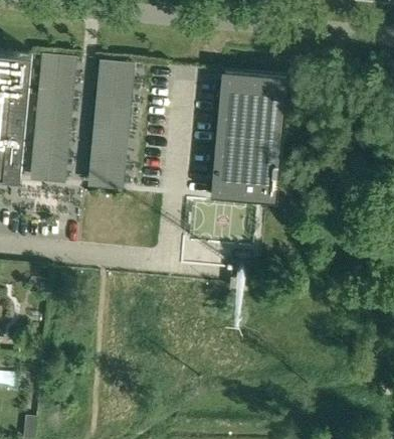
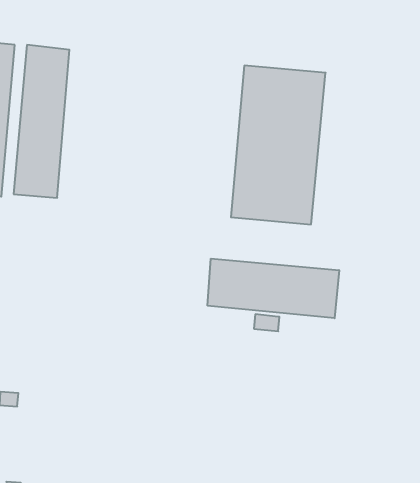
building: [87,60,134,187] -> none
building: none -> [208,259,339,318]

